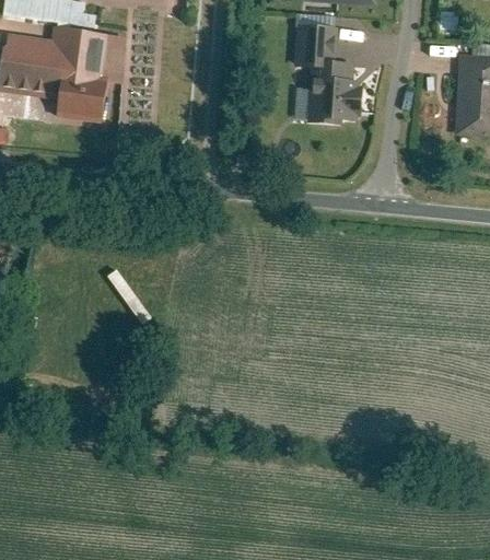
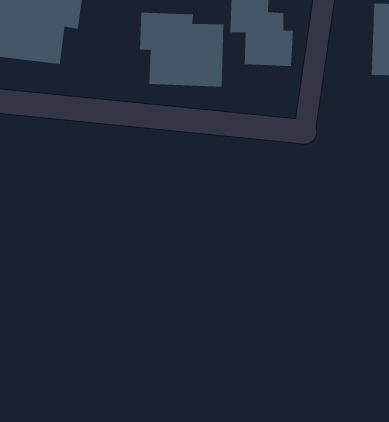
building: none -> [140,12,224,88]

